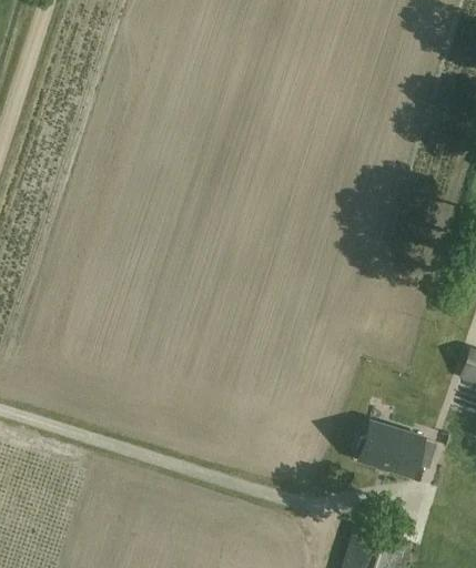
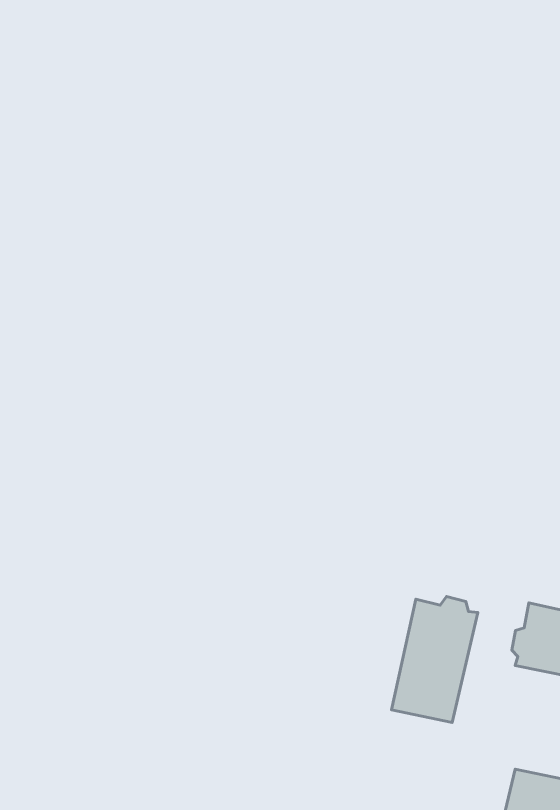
building: none -> [391,596,478,722]

